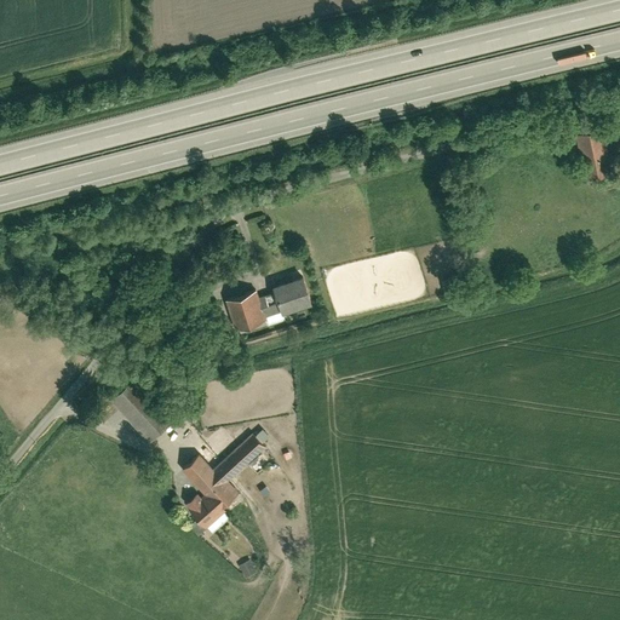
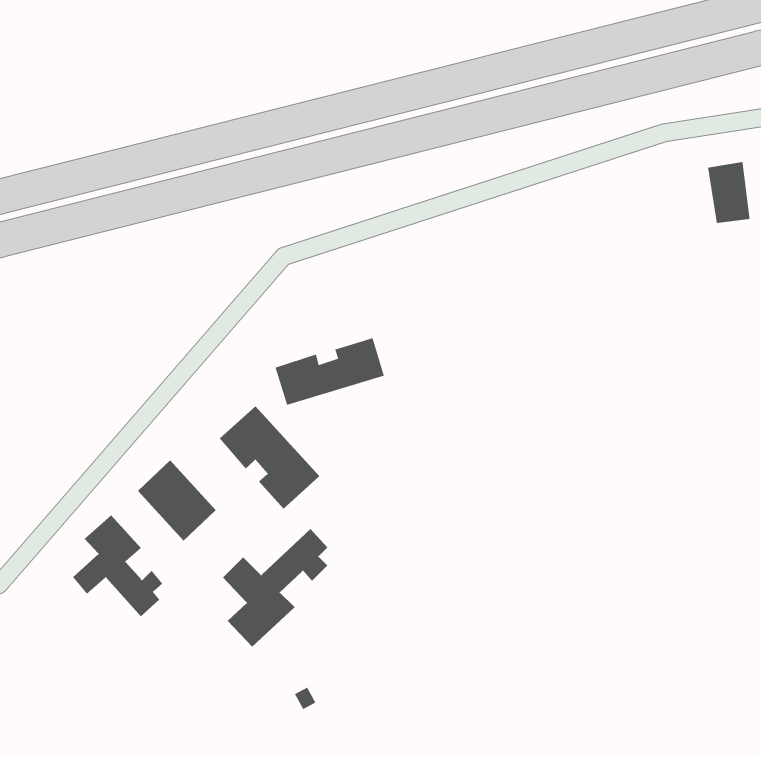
building: none -> [219,405,320,510]
building: none -> [72,514,163,617]

